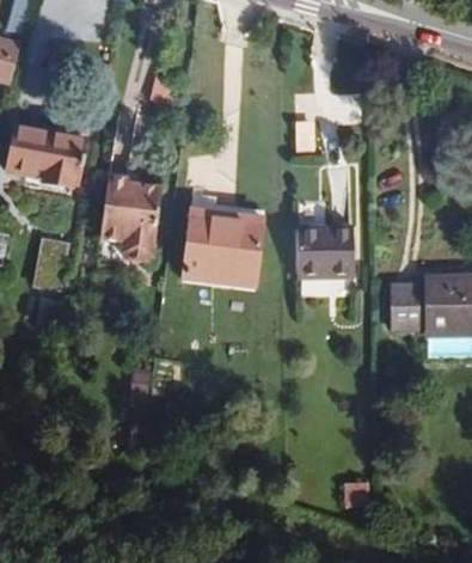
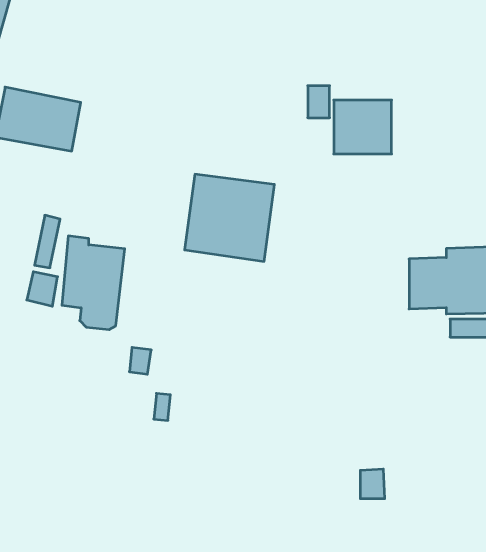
building: [102,175,160,262] -> [62,236,125,330]
building: [298,227,351,277] -> [334,100,392,154]

